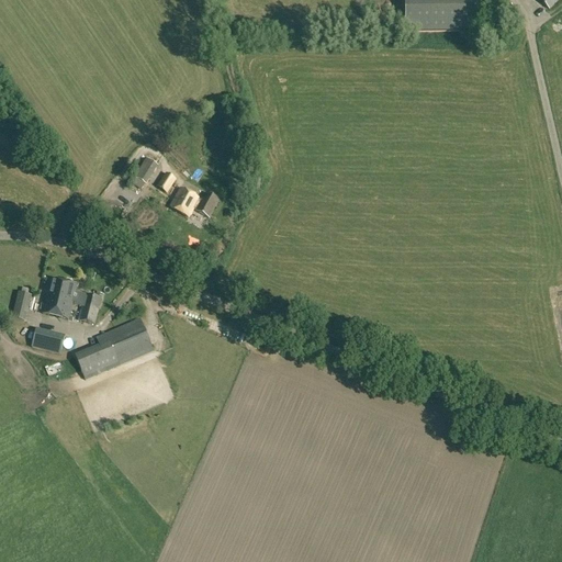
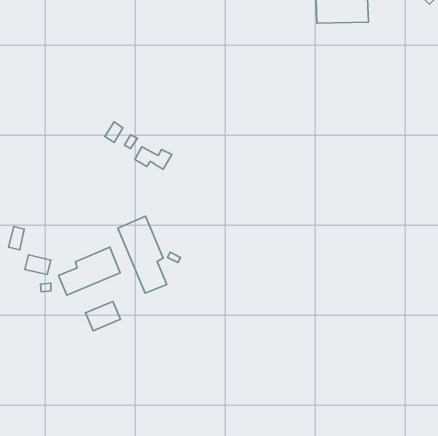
building: none -> [118,216,167,293]
building: [44,277,102,323] -> none
building: none -> [86,301,121,331]

